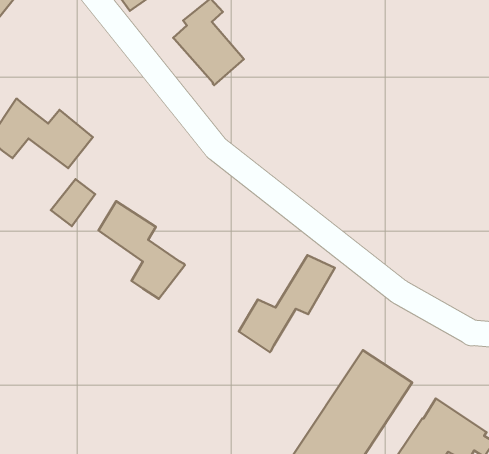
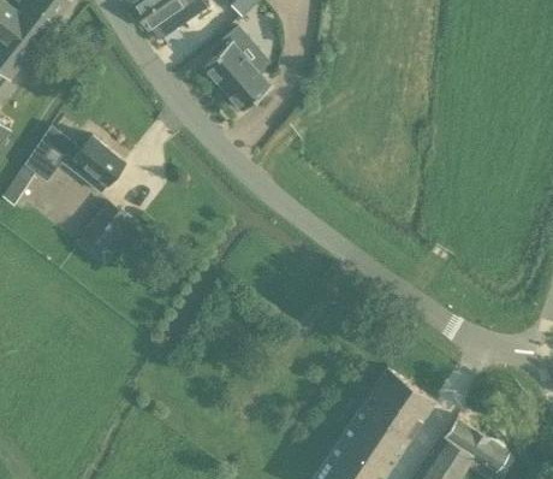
building: [98,201,185,299] -> none
building: [239,255,335,352] -> none

